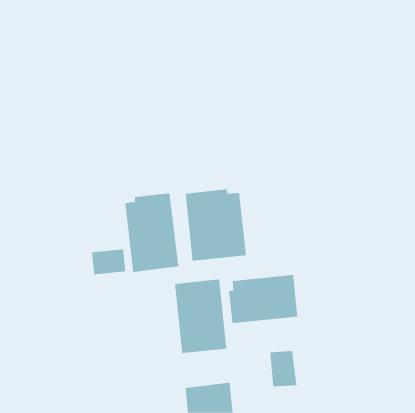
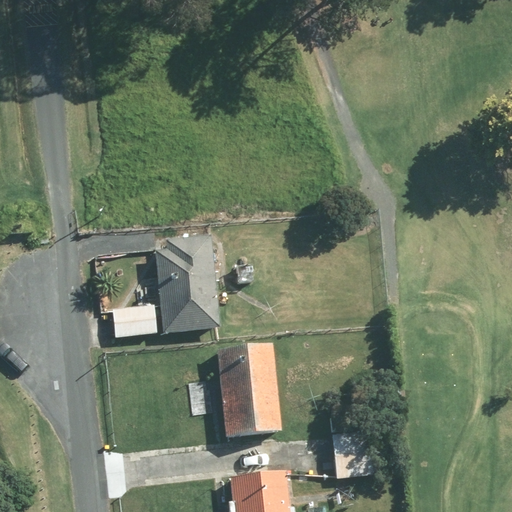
building: [185,189,246,261] -> none
building: [229,274,298,324] -> none

